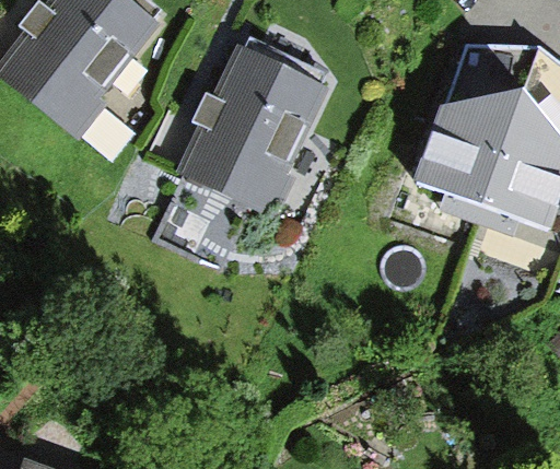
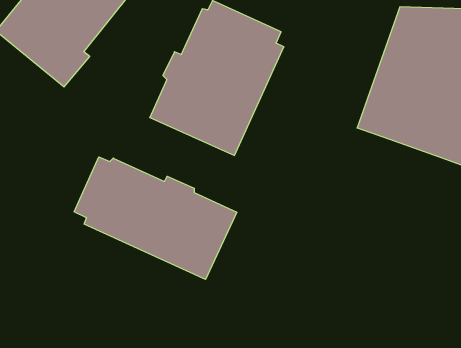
building: none -> [74,157,237,279]

